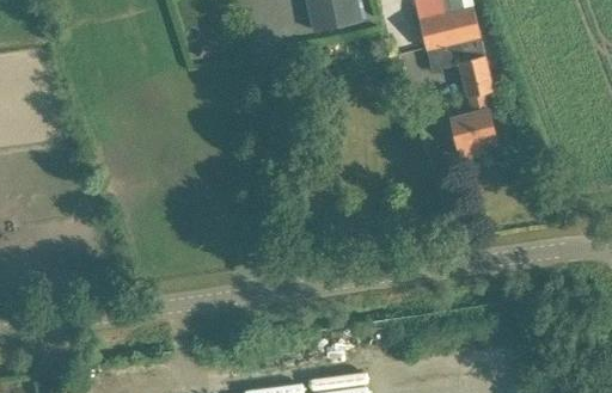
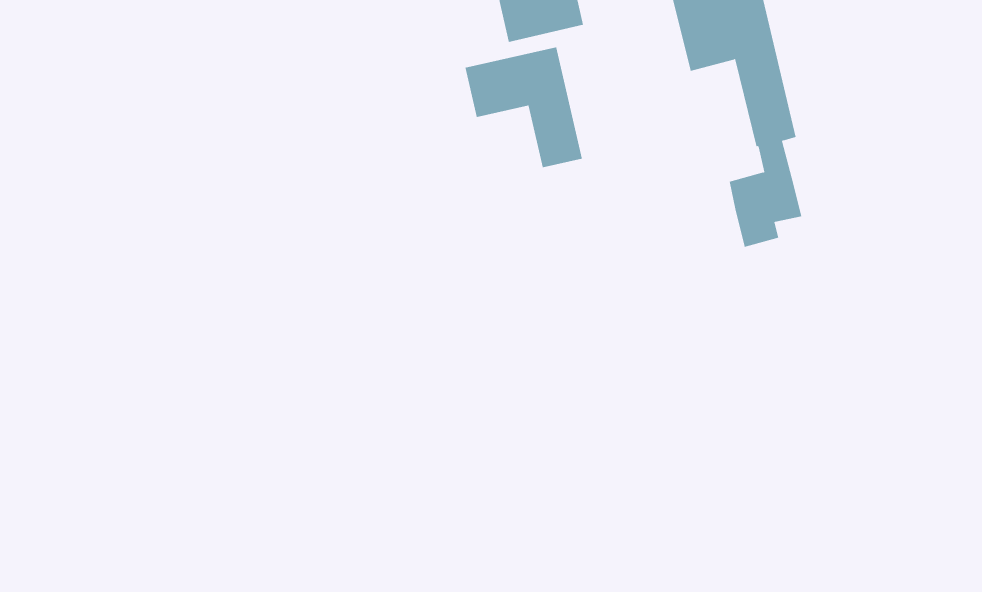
building: none -> [465,47,583,168]

